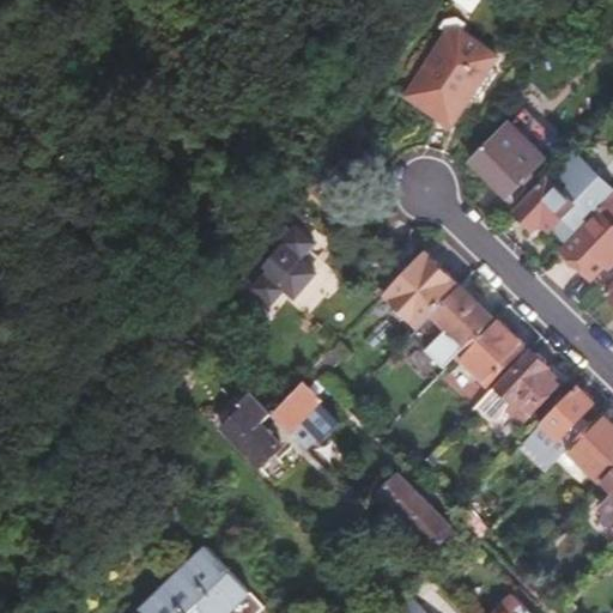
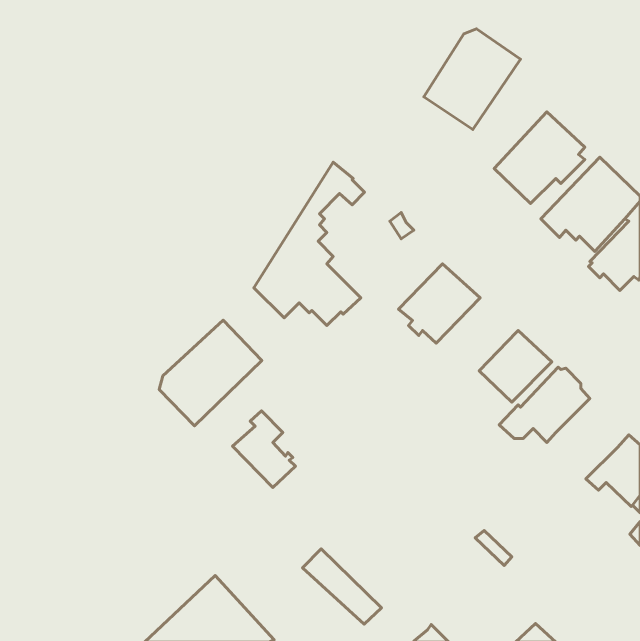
building: [409,285,492,368] -> none
building: none -> [159,320,262,426]
building: [273,383,334,447] -> none
building: [522,387,594,467] -> none
building: [377,478,453,550] -> [302,549,382,624]

